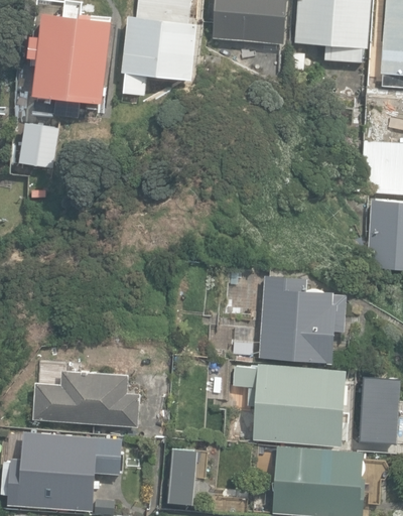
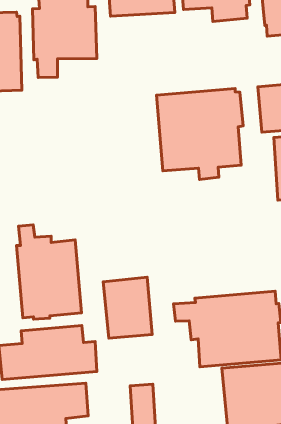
building: none -> [157,88,243,180]
building: none -> [16,225,81,319]
building: [257,274,347,362] -> none
building: none -> [103,277,152,338]

